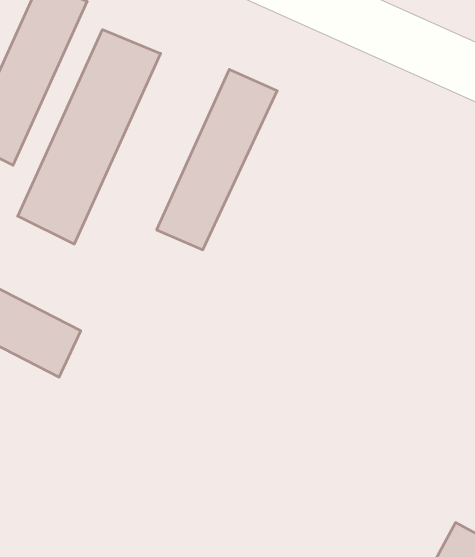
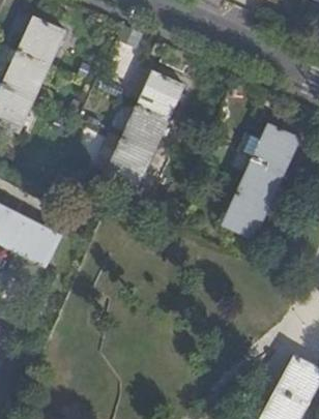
building: [18,30,161,244] -> none
building: none -> [223,124,299,239]

